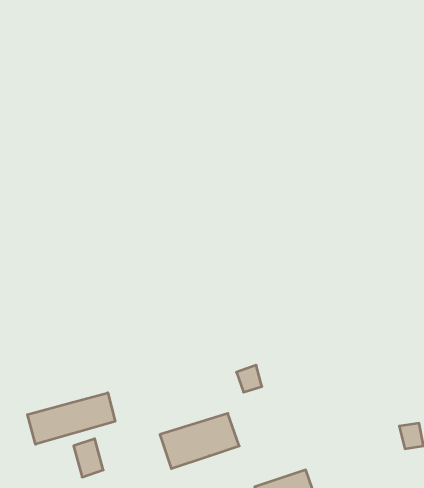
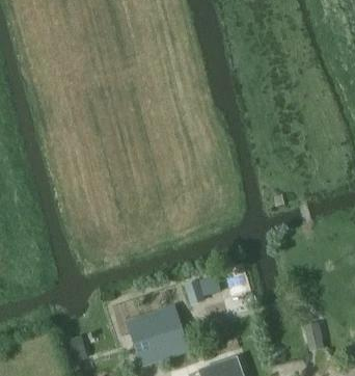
building: [27,393,115,444] -> none

